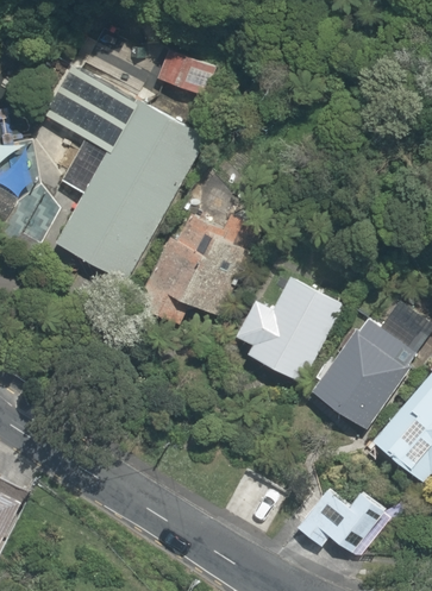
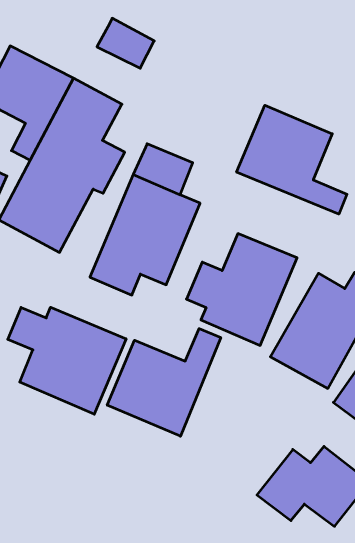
building: none -> [237,105,347,214]
building: none -> [8,307,126,414]
building: none -> [107,329,221,436]

